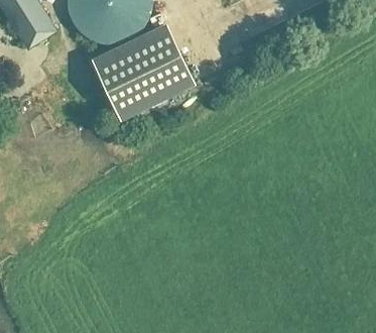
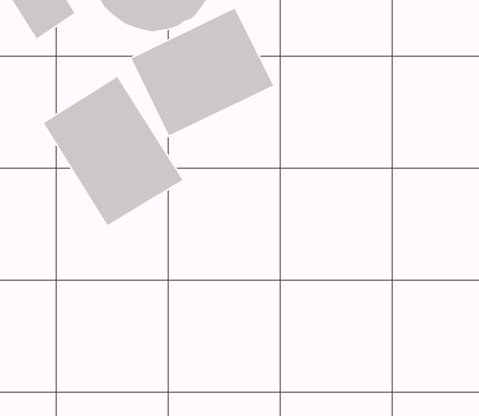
building: none -> [43,76,184,226]

